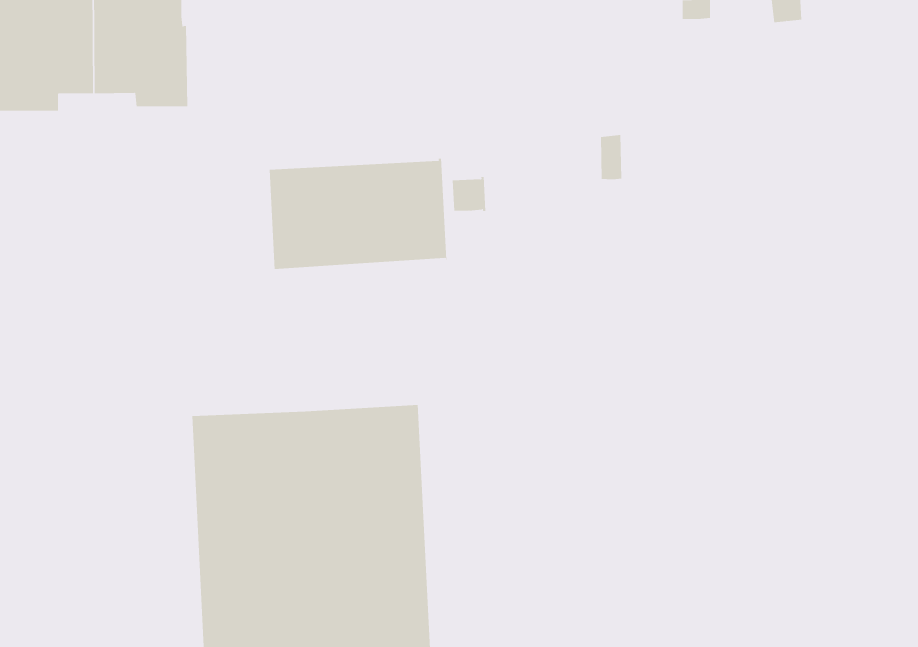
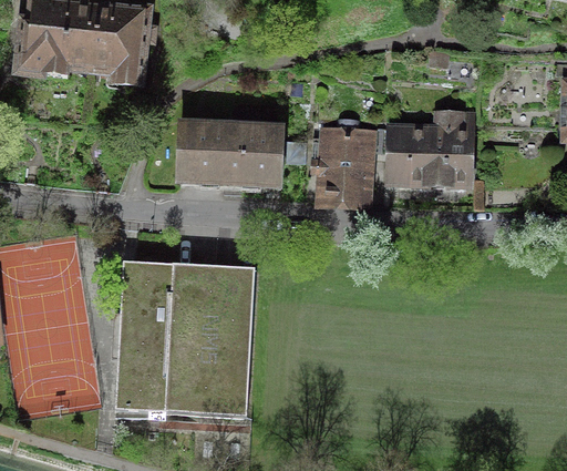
building: none -> [391,110,475,183]
building: none -> [311,116,372,204]

